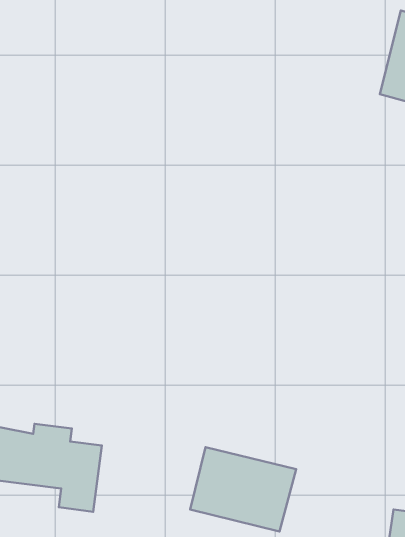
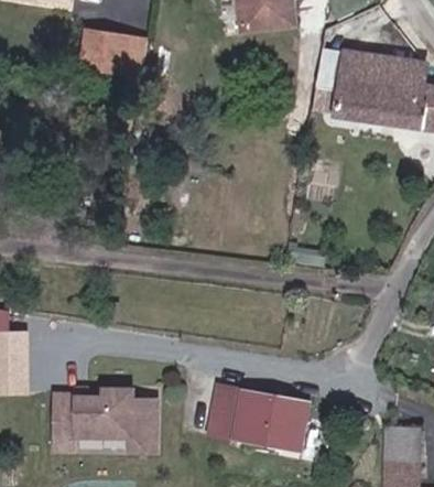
building: none -> [211,392,238,444]

